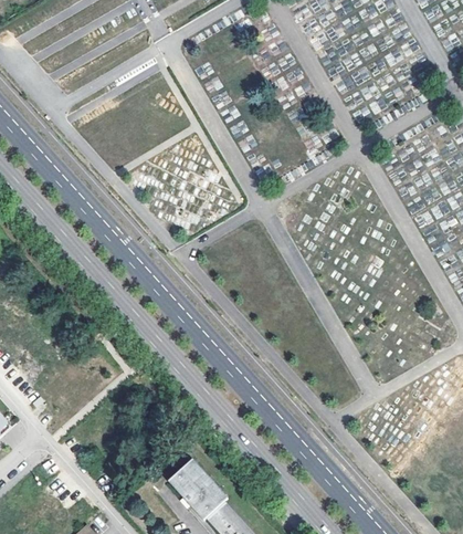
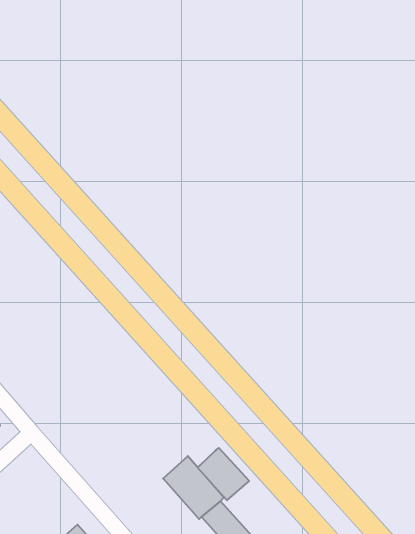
building: none -> [198,448,249,500]

